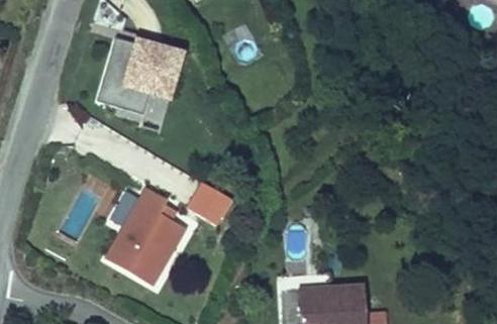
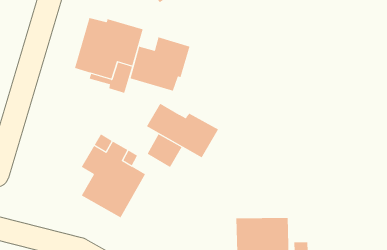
building: none -> [130,36,190,91]
building: none -> [146,103,219,158]

